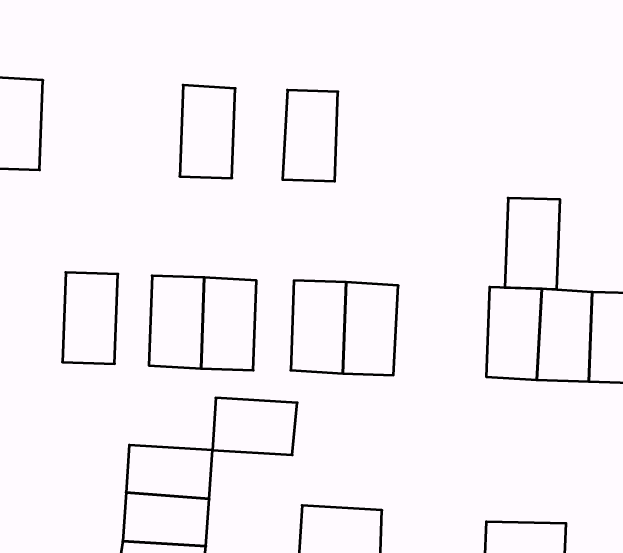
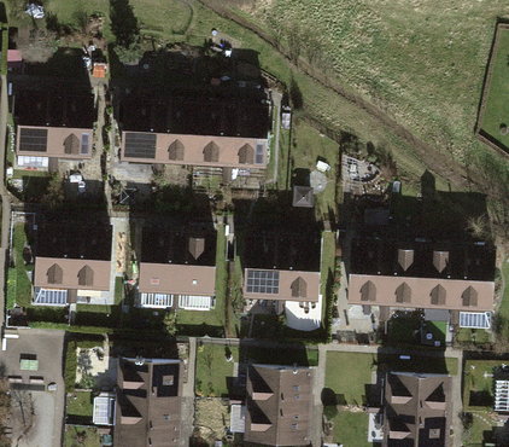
building: none -> [55,88,96,156]
building: none -> [121,91,162,159]
building: none -> [198,94,239,162]
building: [505,198,560,289] -> [347,240,388,308]
building: none -> [34,228,75,297]
building: [212,398,297,455] -> [250,365,312,407]
building: none -> [386,376,446,417]

